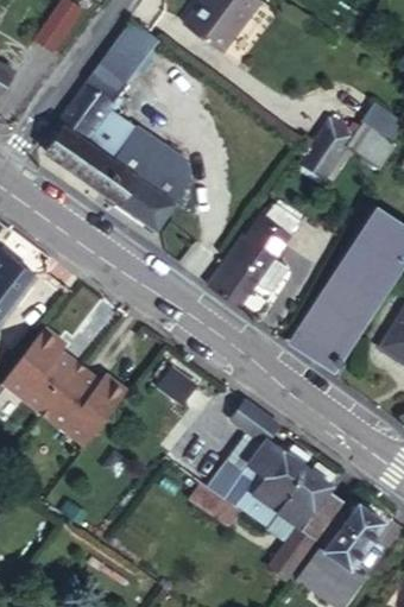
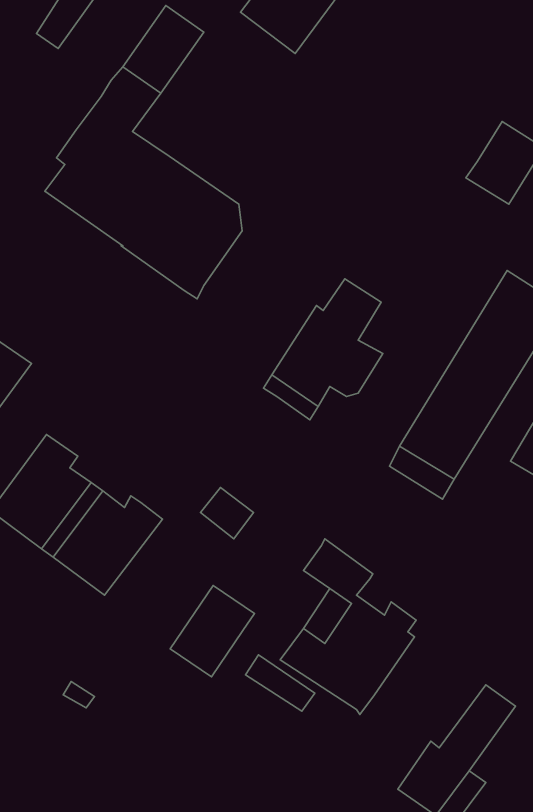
building: [301,114,355,176] -> none
building: none -> [170,585,254,677]
building: [270,462,342,578] -> none

